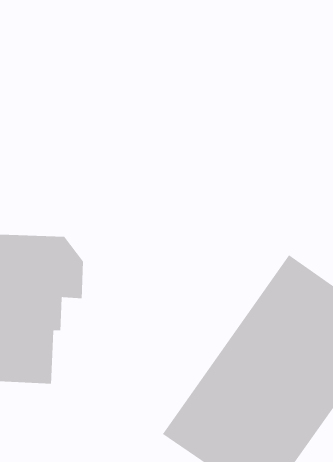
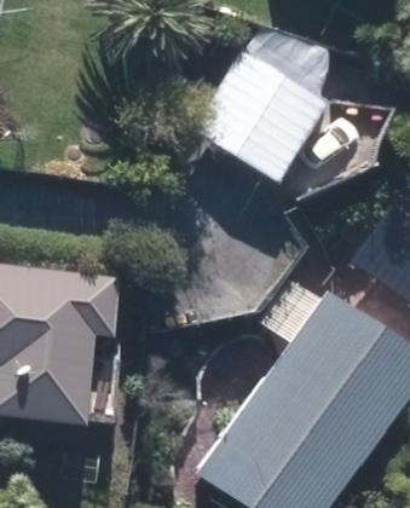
building: none -> [190,46,329,184]

